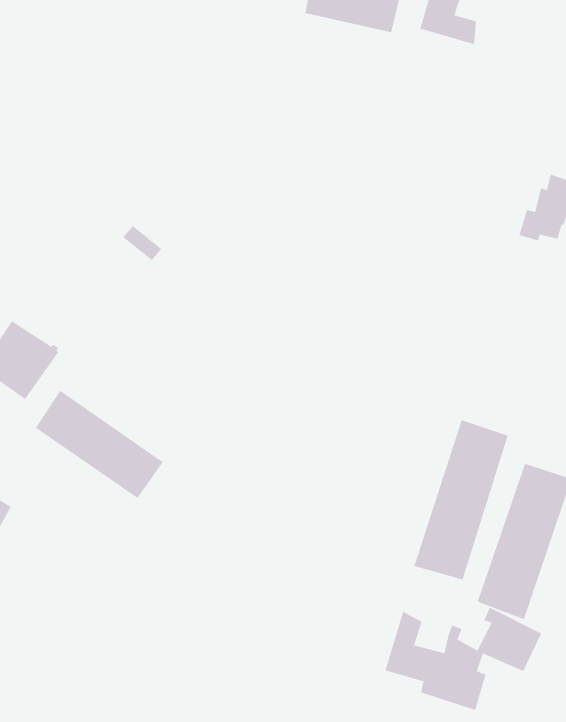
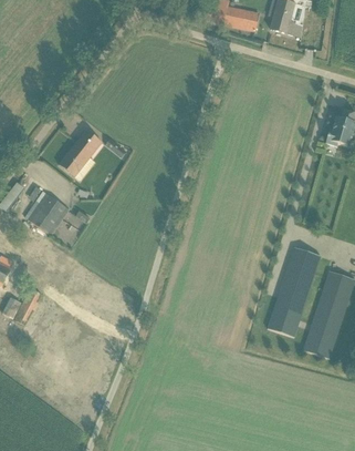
building: none -> [59,130,102,177]
building: [35,390,163,499] -> none
building: [385,607,542,711] -> none

